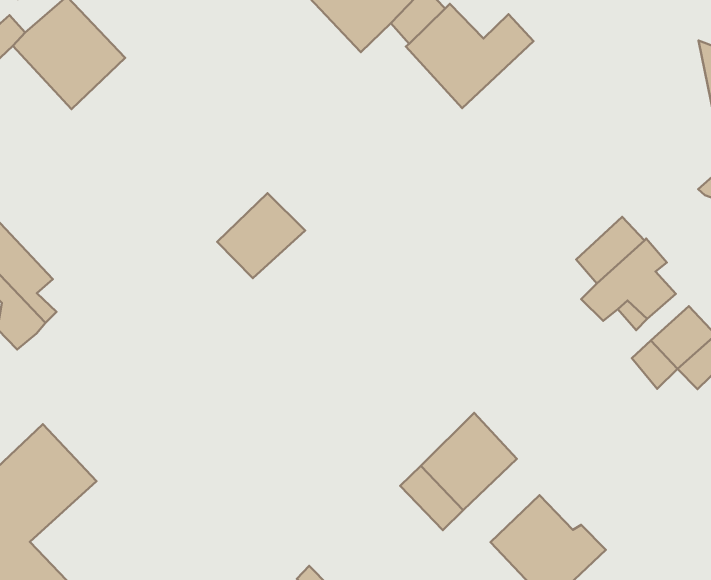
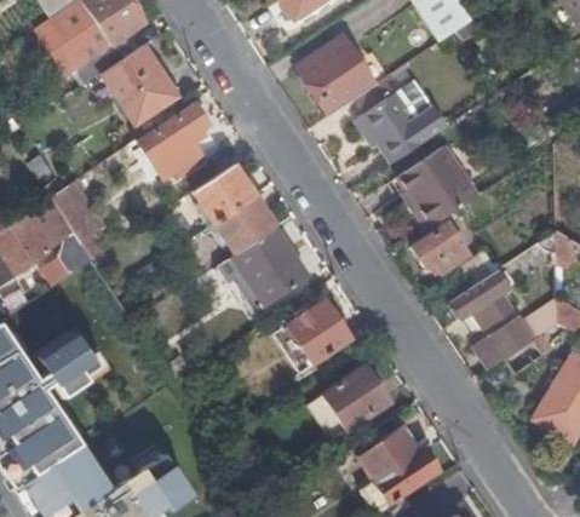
building: none -> [400,147,478,230]
building: none -> [140,104,208,178]
building: none -> [194,165,254,224]
building: none -> [412,224,466,272]
building: none -> [218,226,308,310]
building: none -> [288,301,350,364]

